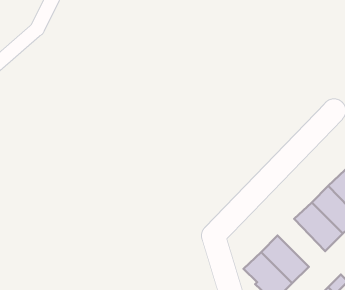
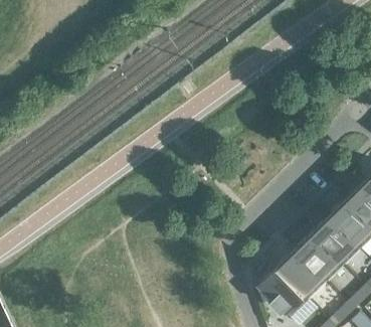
building: none -> [294,233,343,283]

